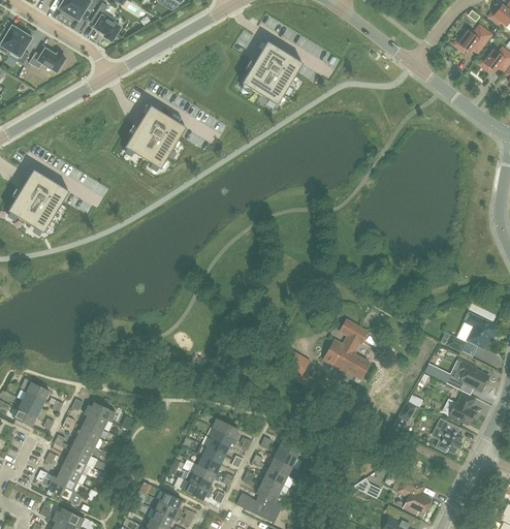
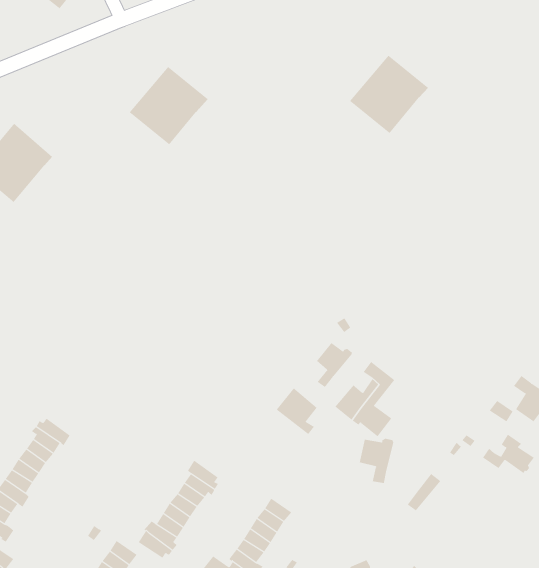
building: [241,41,302,104] -> [349,55,429,134]
building: none -> [316,342,352,388]
building: none -> [359,438,394,484]
building: [448,392,474,425] -> none
building: [435,417,463,453] -> none

